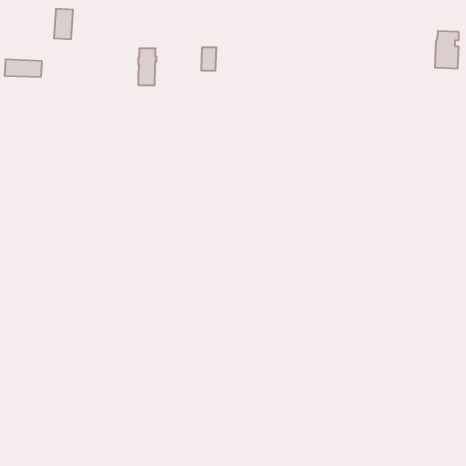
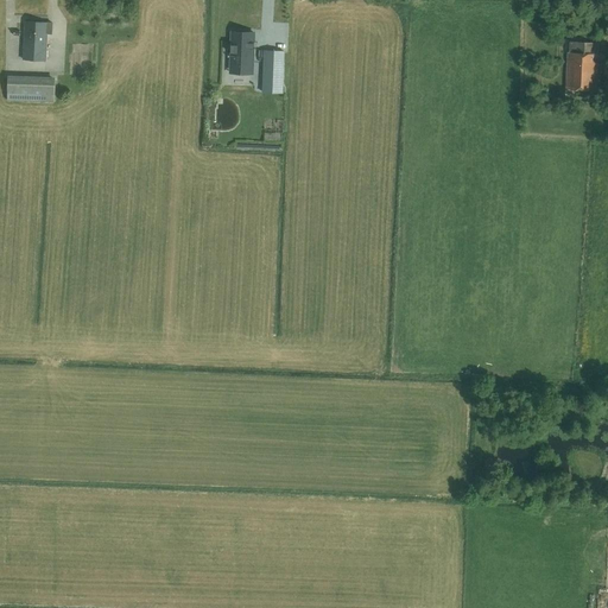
building: [54,9,73,39] -> [21,20,46,59]
building: [138,48,157,85] -> [229,31,253,78]

